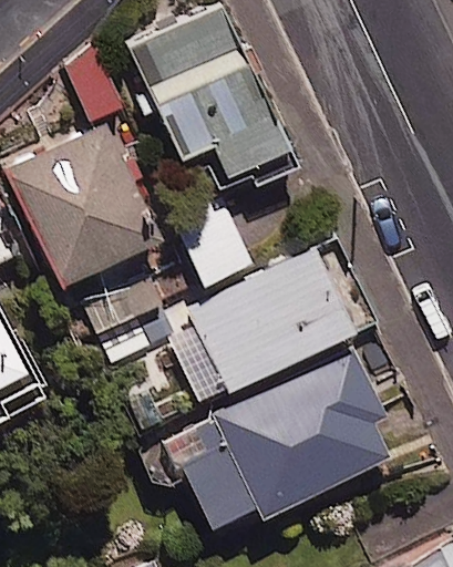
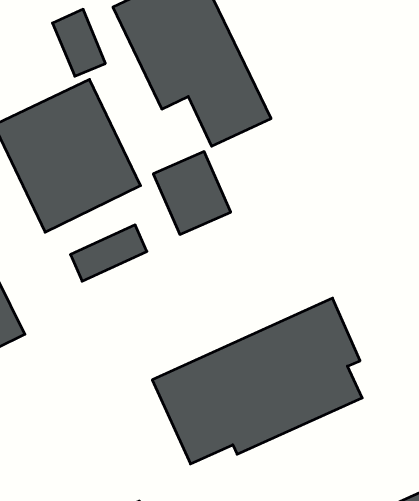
building: [189,249,352,389] -> none

